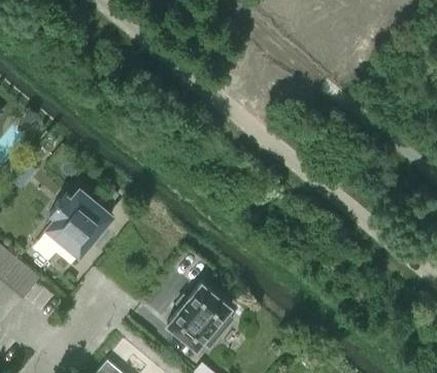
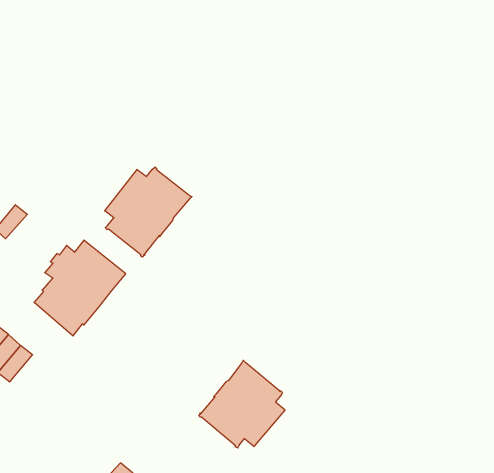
building: none -> [105,167,192,257]

